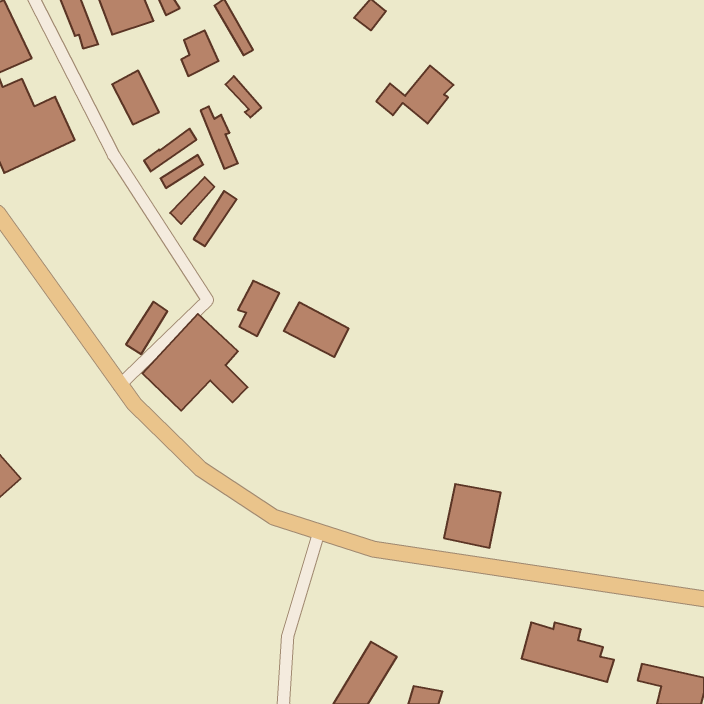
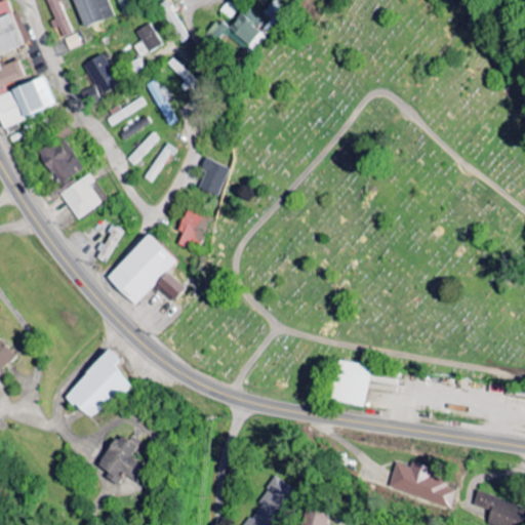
building: [376,66,454,124] -> [206,5,264,48]
building: none -> [37,135,84,185]
building: none -> [198,157,229,195]
building: none -> [59,172,102,218]
building: [284,302,348,357] -> none
building: none -> [65,351,132,420]
building: none -> [99,433,148,484]

